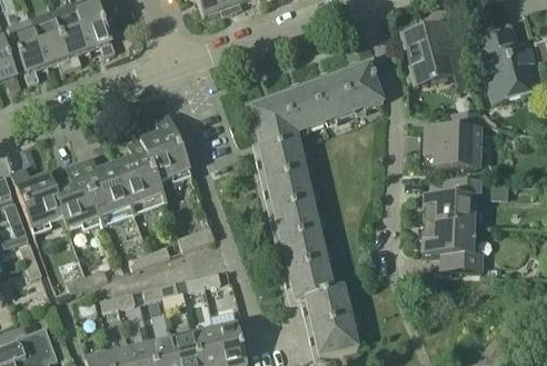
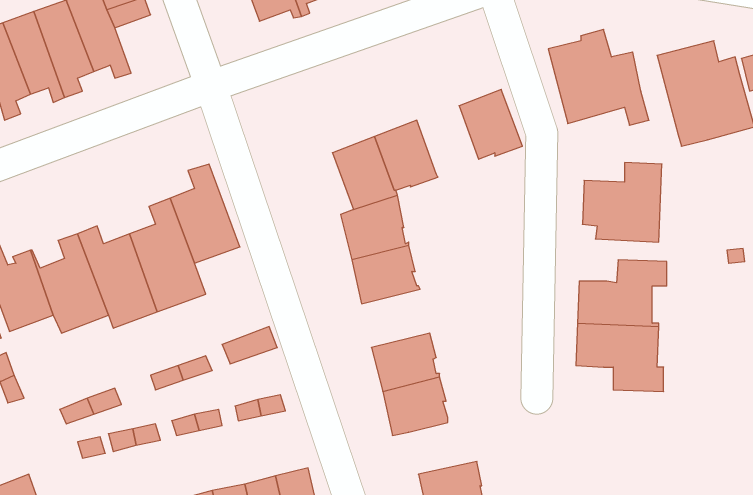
building: [310,73,354,120] -> none
building: [272,199,319,239] -> none
building: [305,284,351,326] -> none

